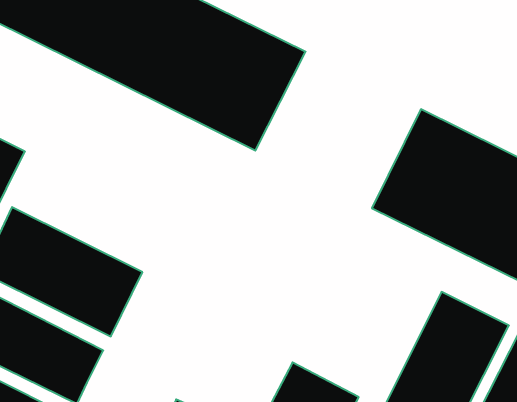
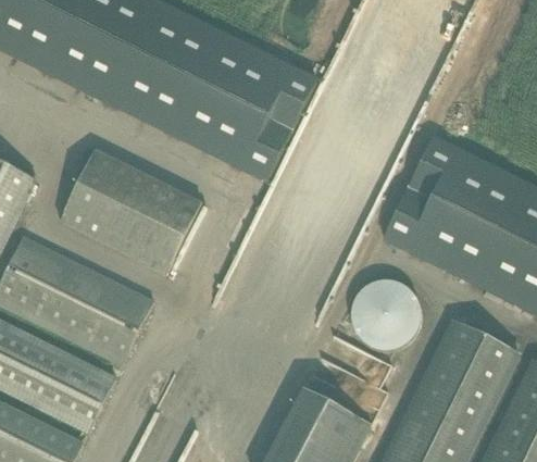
building: none -> [61,148,204,274]
building: none -> [353,279,427,353]

